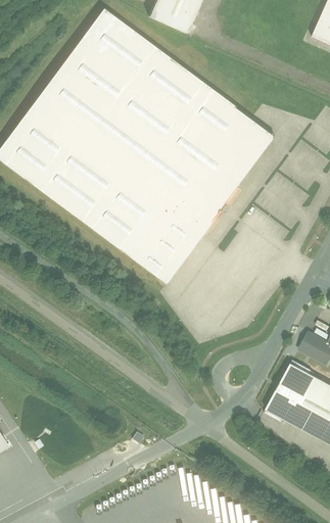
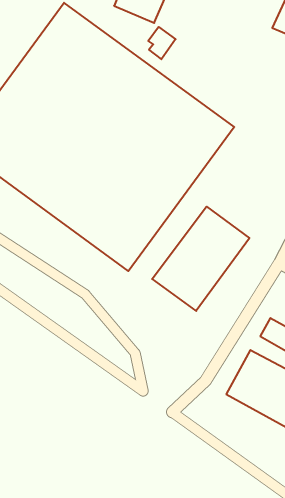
building: none -> [148,27,176,59]
building: none -> [152,207,249,311]

